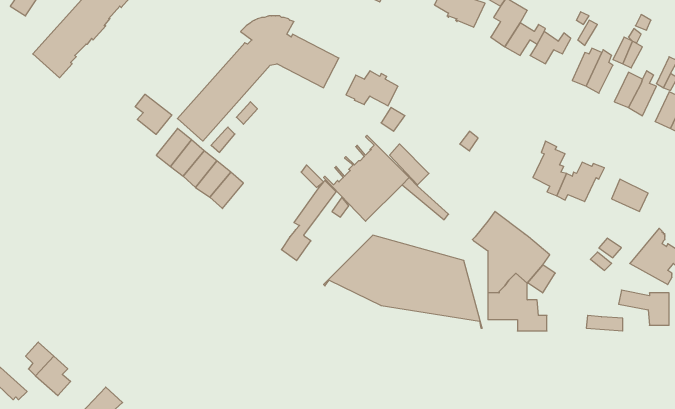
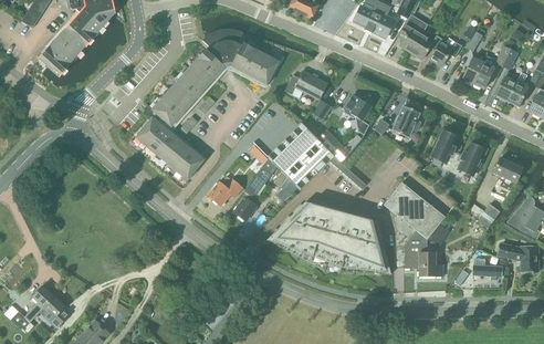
building: [135,94,172,134] -> none
building: none -> [343,94,370,135]
building: none -> [393,105,420,136]
building: none -> [208,175,243,205]

